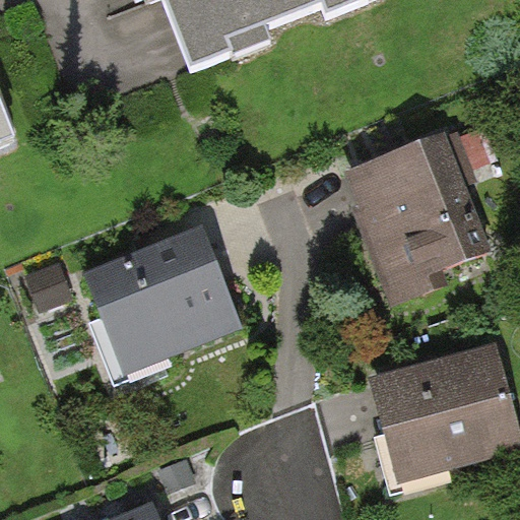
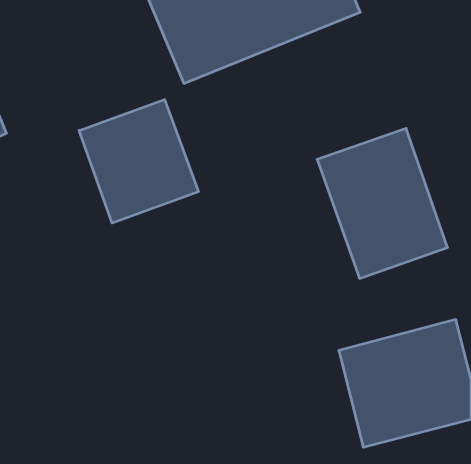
building: none -> [79,100,198,223]
building: [85,236,233,382] -> none

